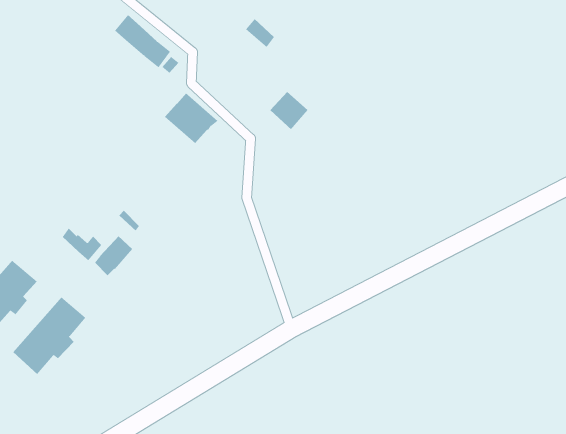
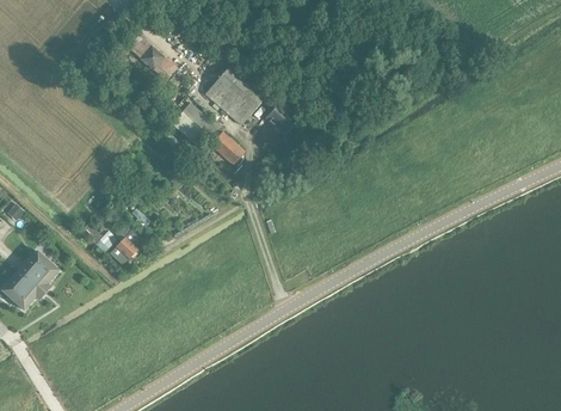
building: none -> [204,63,265,124]
building: none -> [210,131,245,164]
building: [12,296,86,375] -> none

